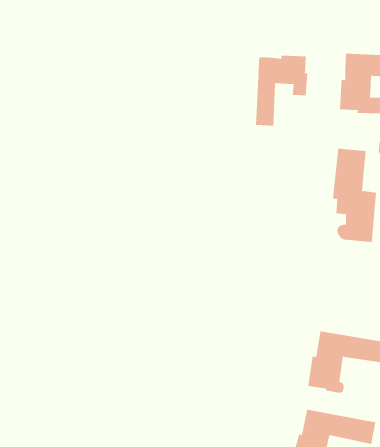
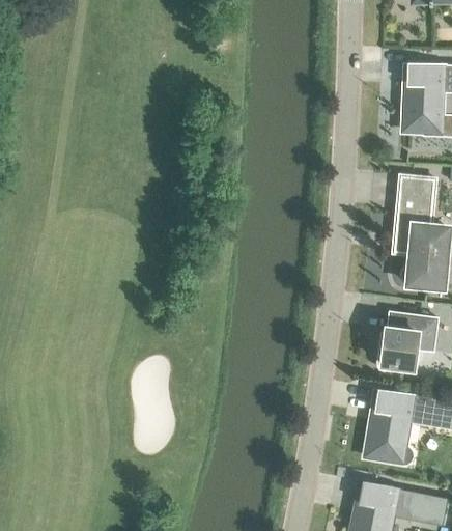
building: [255,55,308,127] -> none
building: none -> [376,313,435,369]

